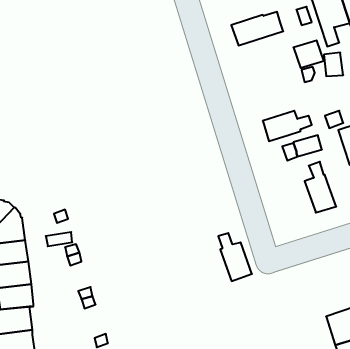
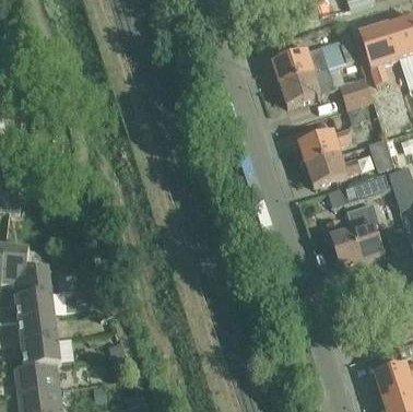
building: none -> [280,66,334,103]
building: none -> [298,126,350,162]
building: [218,233,252,281] -> [327,216,363,268]

